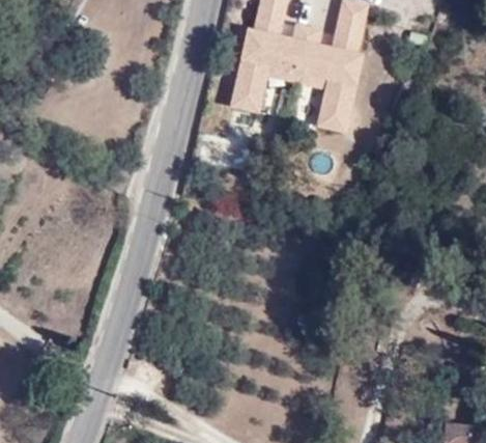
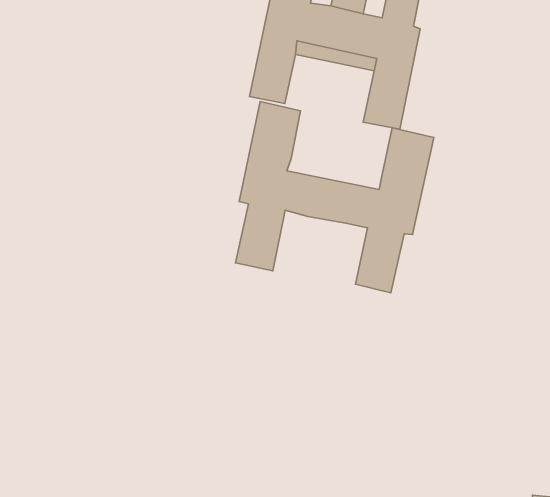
building: none -> [235,102,434,293]

